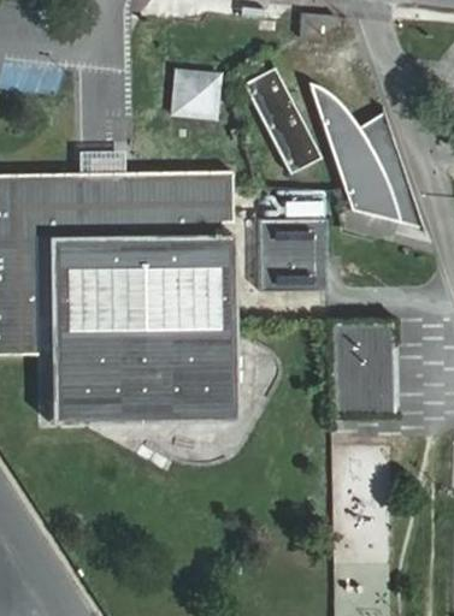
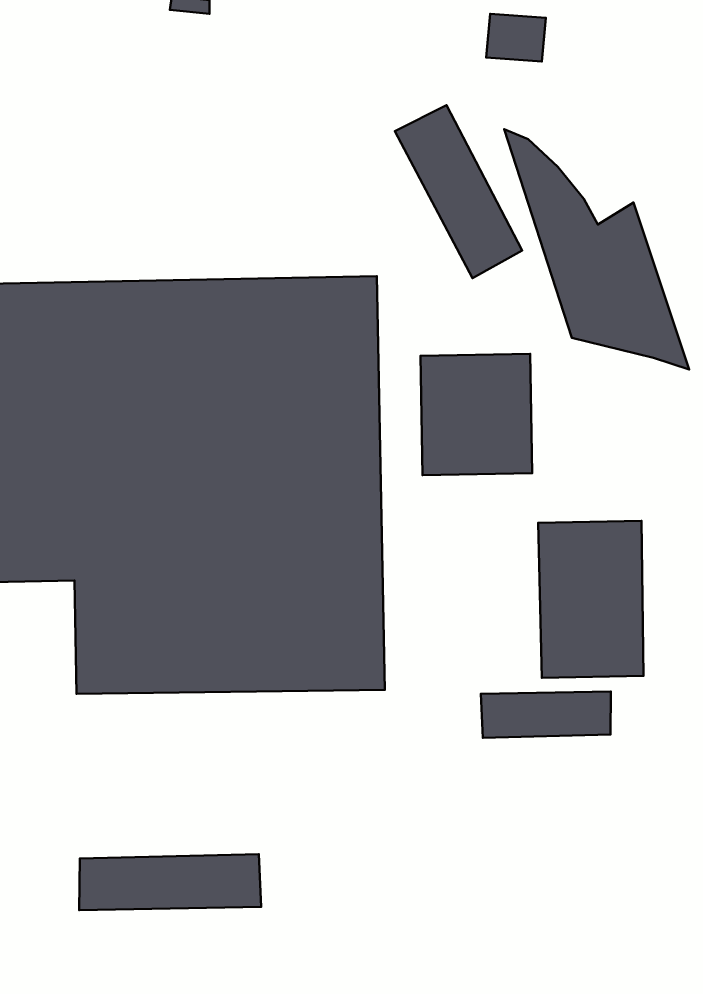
building: [176,73,216,114] -> none
building: none -> [481,691,611,738]
building: none -> [79,854,261,910]

